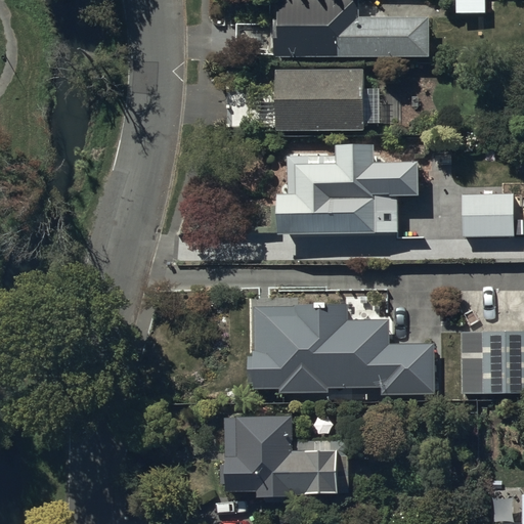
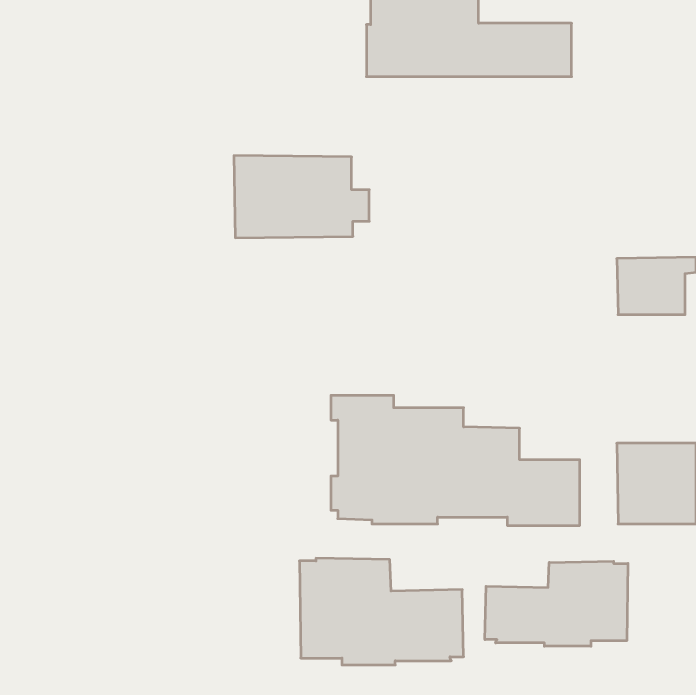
building: [274,70,376,131] -> [234,156,369,238]
building: [277,146,396,235] -> none
building: none -> [485,561,628,646]

